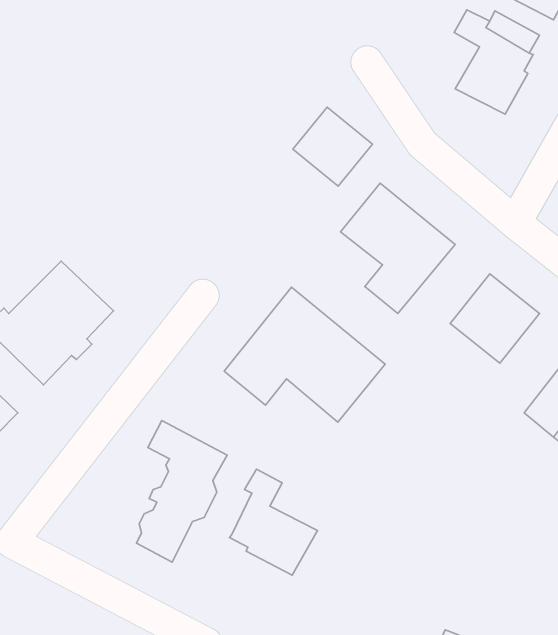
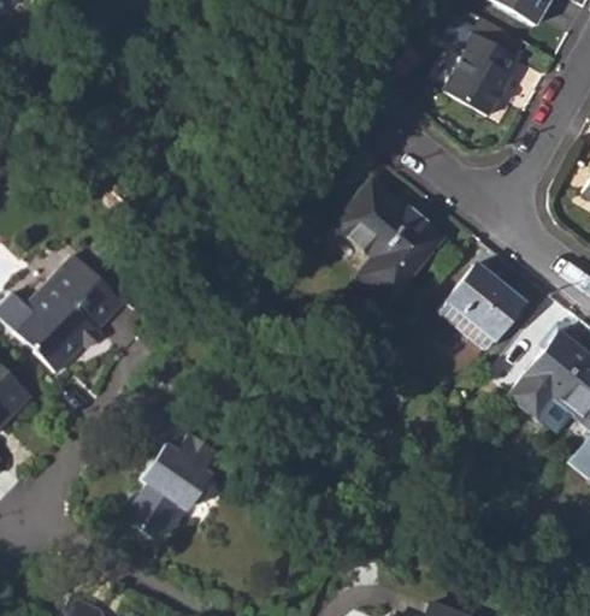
building: [293,107,372,186] -> none
building: [224,287,385,422] -> none
building: [229,469,318,575] -> none

